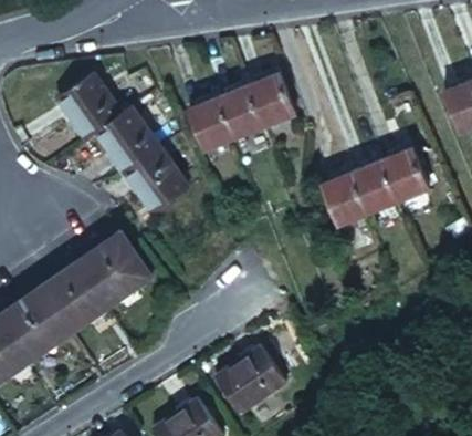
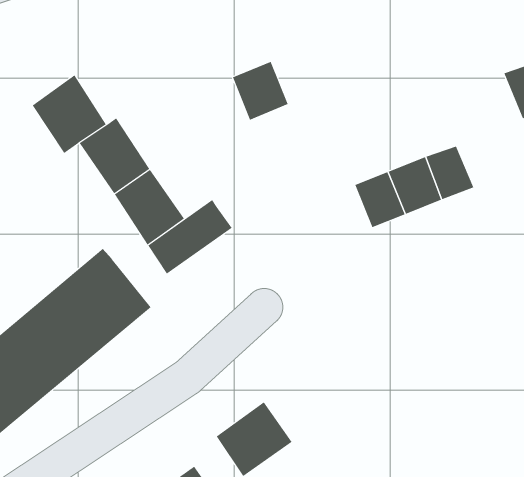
building: [252,65,293,111] -> none
building: [193,89,234,134] -> none
building: none -> [148,199,233,274]

